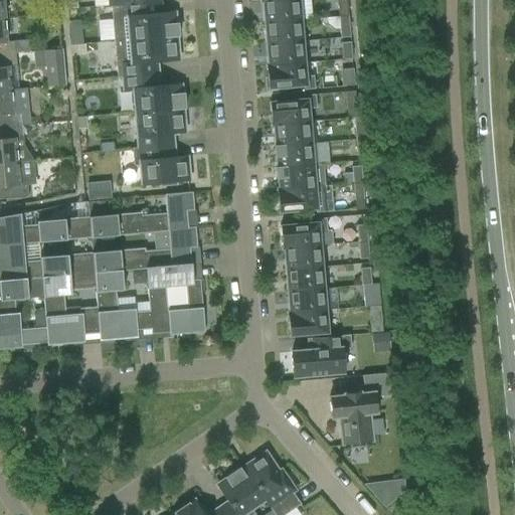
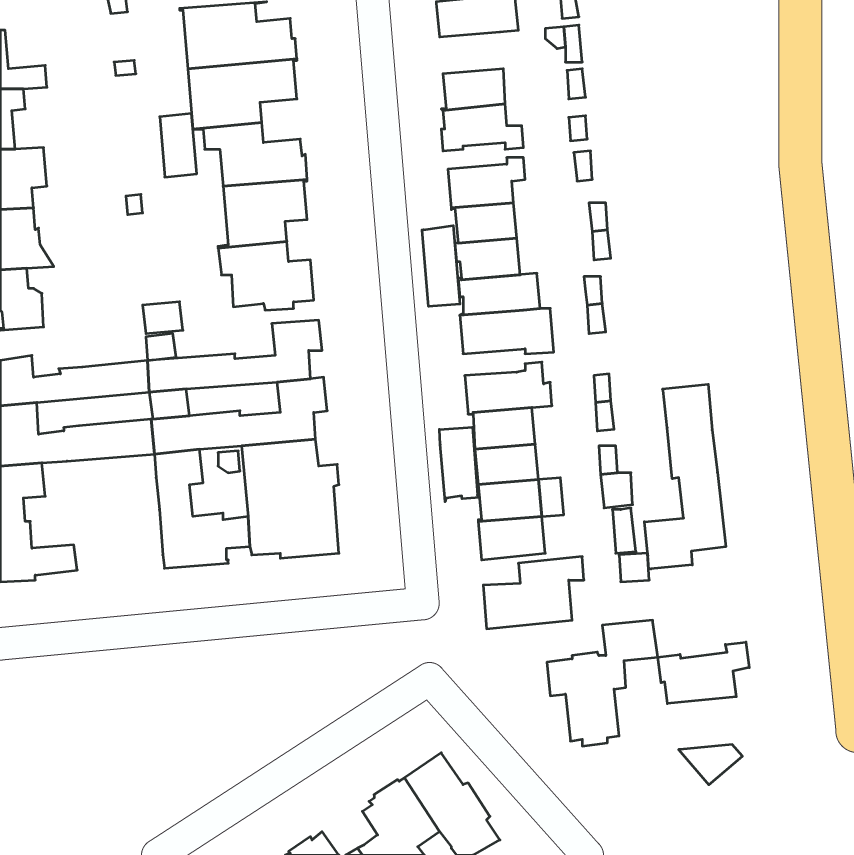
building: [266,19,304,44] -> none
building: [45,48,67,87] -> [160,113,197,177]
building: none -> [422,226,460,306]
building: none -> [644,384,726,569]
building: none -> [439,427,479,502]
building: [42,273,100,345] -> none
building: none -> [658,642,749,704]
building: [367,482,405,506] -> [679,745,742,785]

